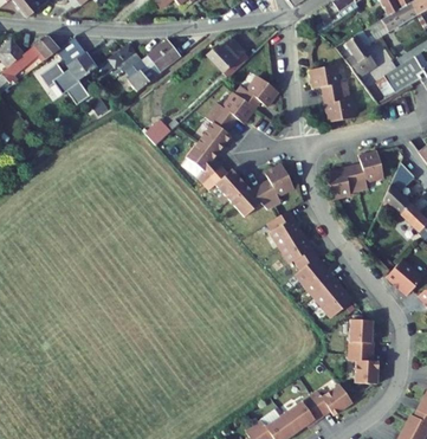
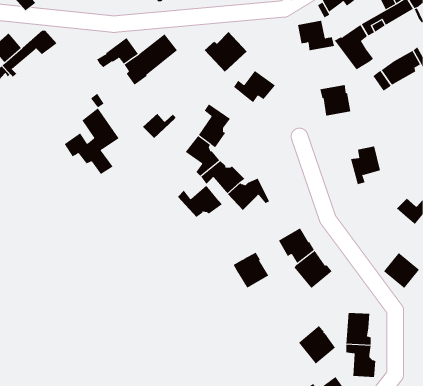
building: [40,37,96,104] -> [64,108,119,175]
building: [310,64,348,95] -> [297,20,335,51]
building: [211,91,254,124] -> none
building: [384,162,414,214] -> none
building: [260,163,293,207] -> none
building: [325,164,360,198] -> none
building: none -> [177,185,223,218]
building: [266,209,303,246] -> [233,252,269,289]
building: [313,277,351,316] -> [298,325,336,364]

